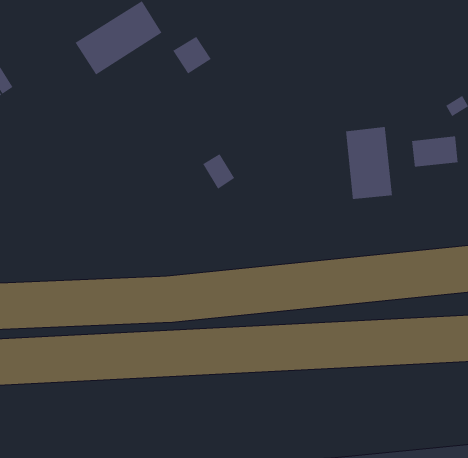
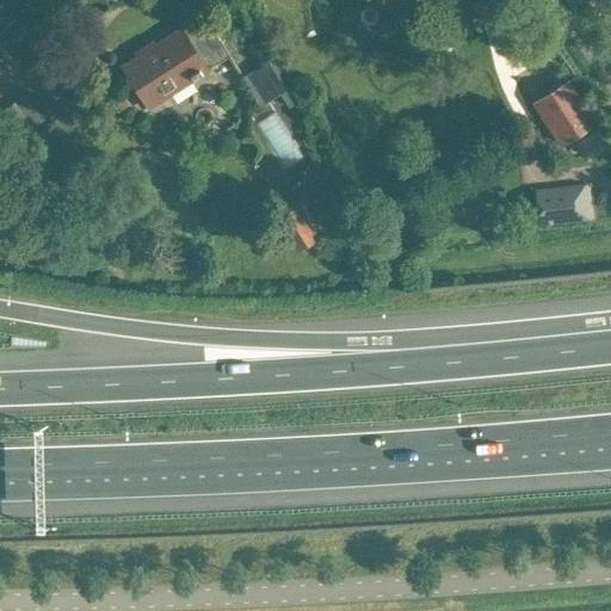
building: none -> [533,85,591,144]
building: [345,126,393,200] -> none

